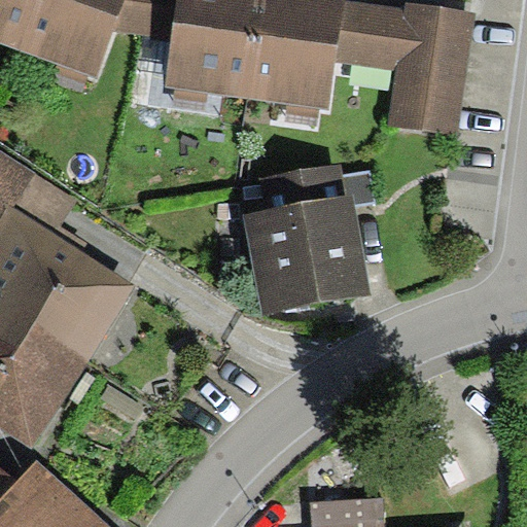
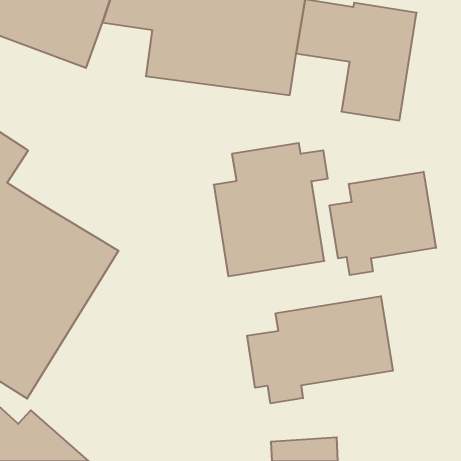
building: none -> [330,172,436,275]
building: none -> [247,296,393,403]

